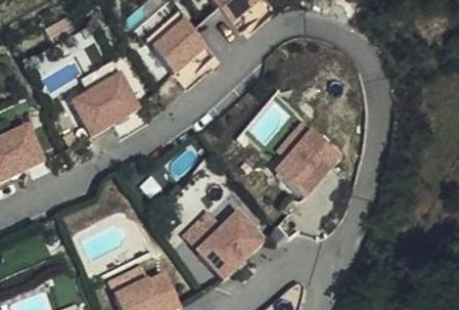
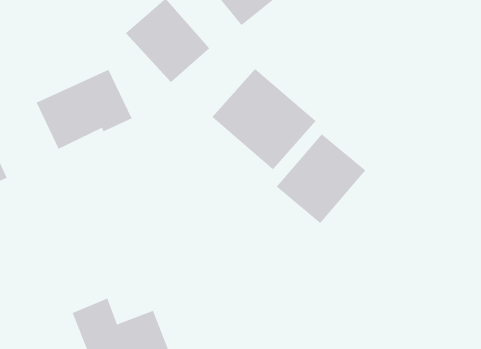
building: none -> [211,68,317,170]
building: [179,209,266,280] -> none

